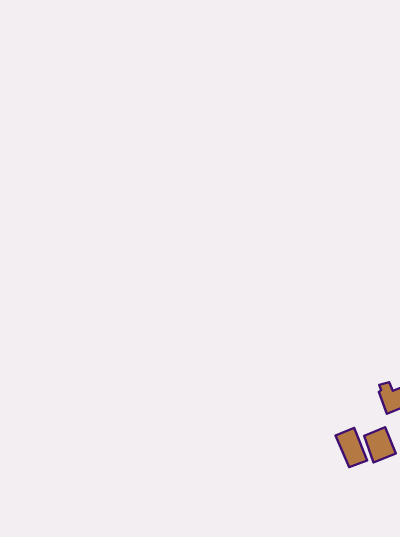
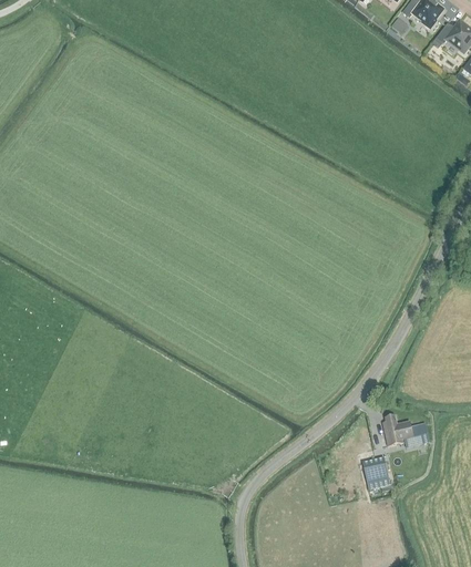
building: [335,428,367,467] -> none

